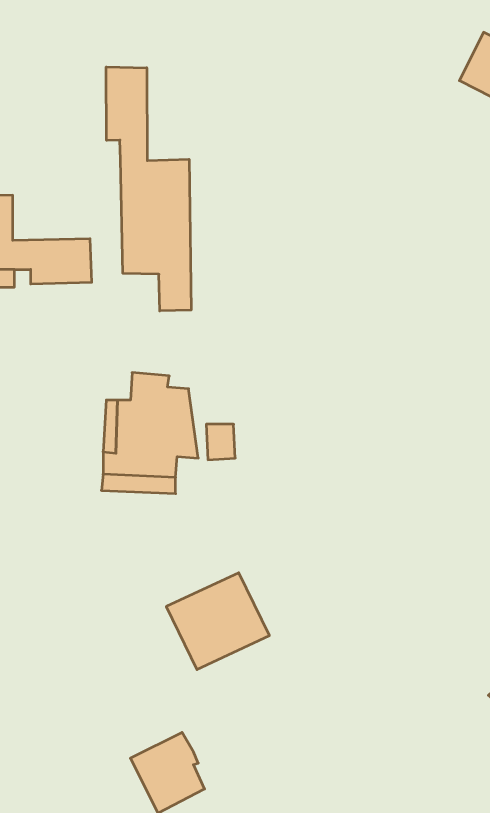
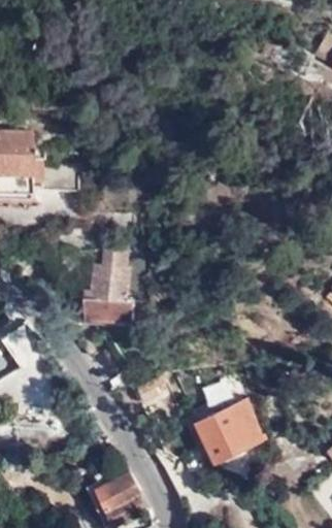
building: [106,67,191,311] -> none
building: [166,573,269,670] -> [199,403,265,465]

